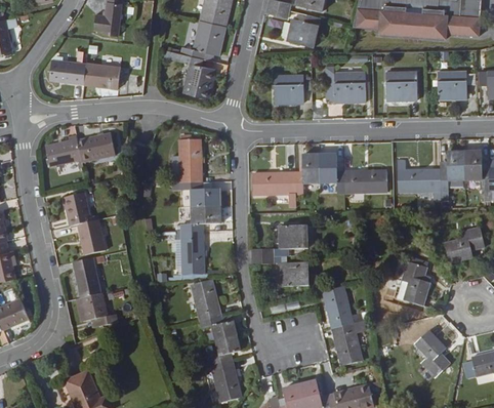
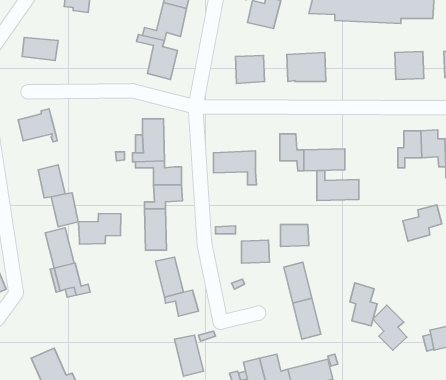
building: [89,58,126,84] -> none
building: [384,71,416,100] -> none
building: [85,128,123,157] -> none
building: [294,155,319,194] -> none
building: [397,160,440,191] -> [317,171,359,201]
building: [279,227,307,249] -> [281,224,309,246]
building: none -> [78,214,121,244]
building: [401,259,428,303] -> [350,283,377,326]
building: [209,336,240,365] -> none

